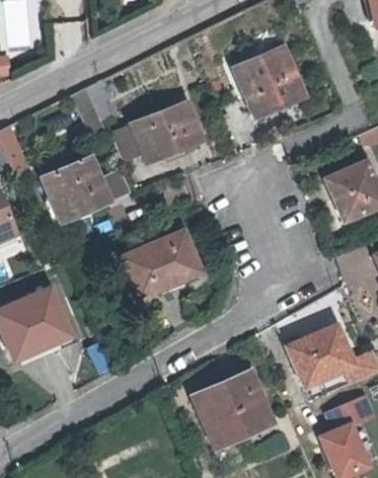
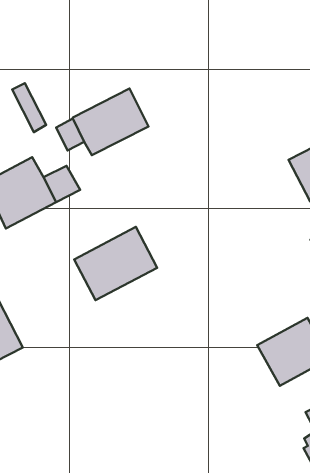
building: [236,49,300,110] -> none
building: [197,375,270,445] -> none

